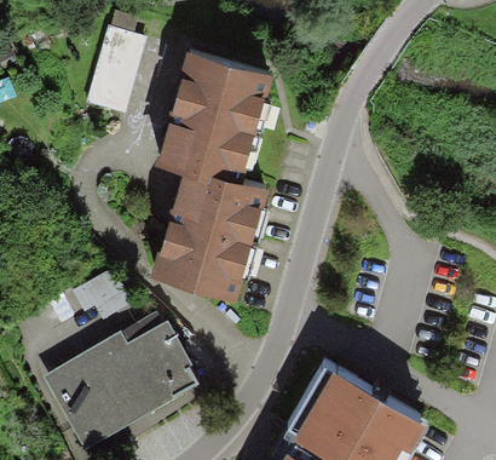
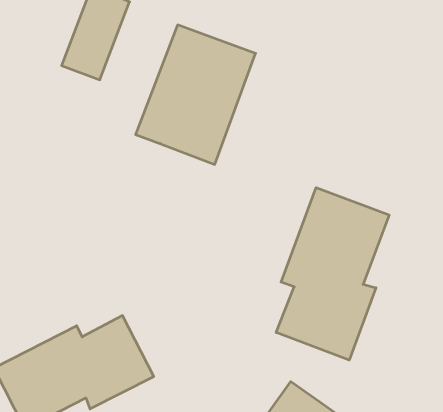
building: [155,163,263,292] -> none
building: none -> [276,188,389,360]

